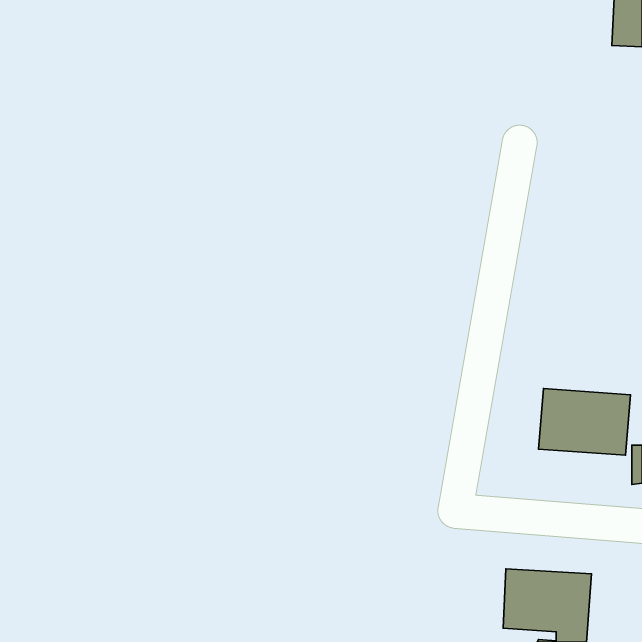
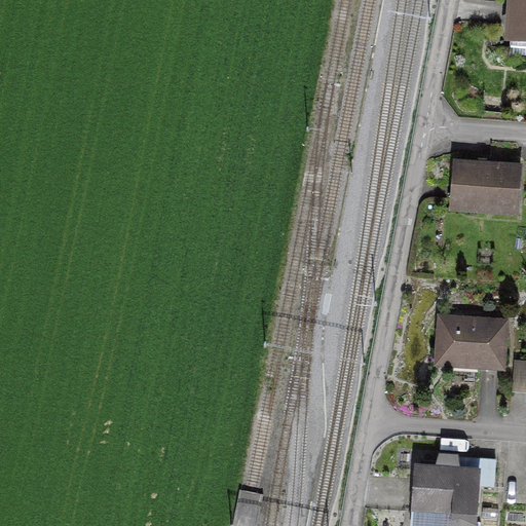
building: none -> [452,163,519,210]

